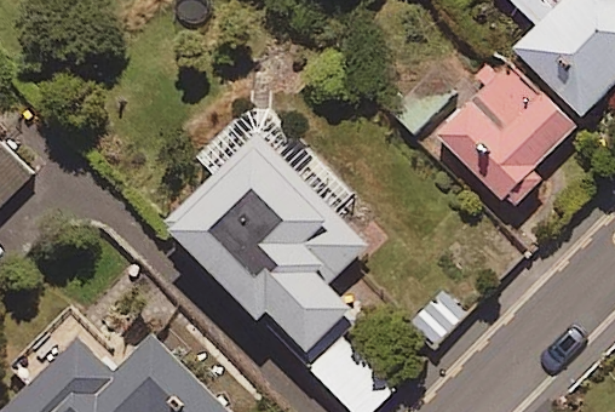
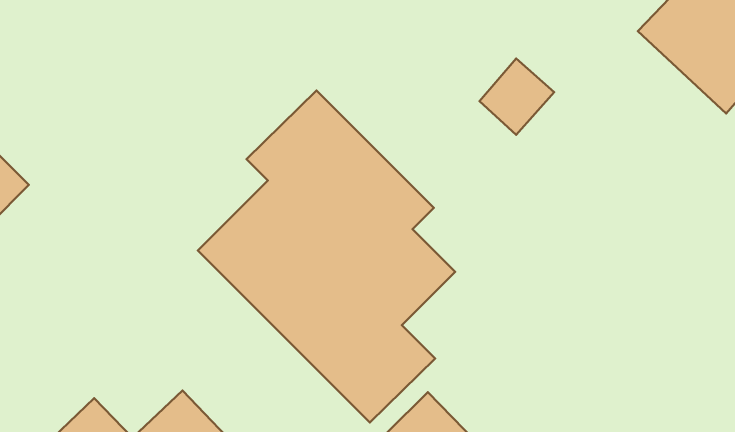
building: [430,35,576,211] -> none

